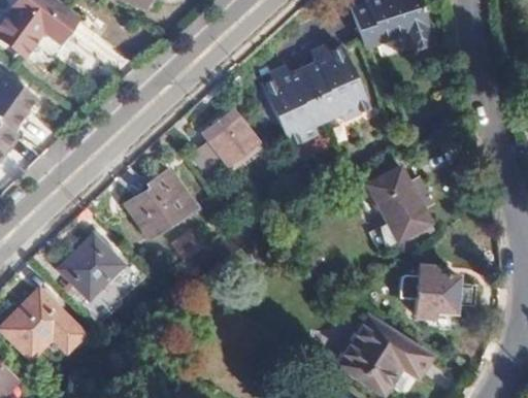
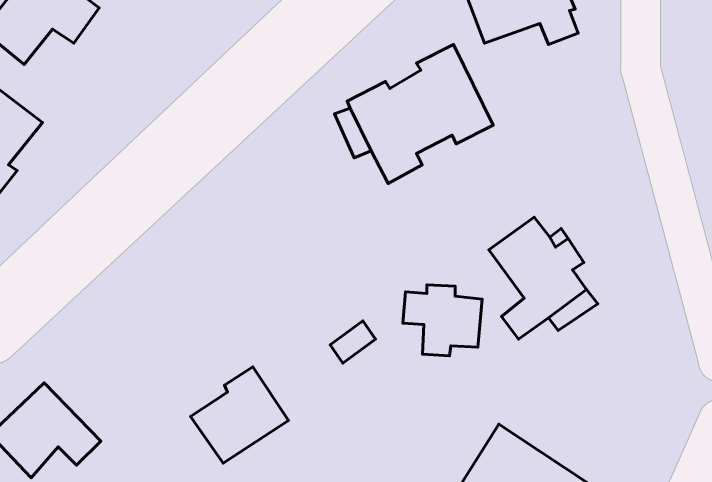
building: [212,118,259,165] -> none
building: [125,169,196,239] -> [191,367,288,463]
building: [61,233,125,298] -> none
building: [400,266,458,318] -> [403,285,482,356]

